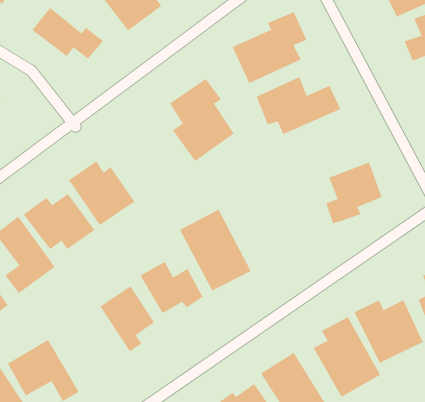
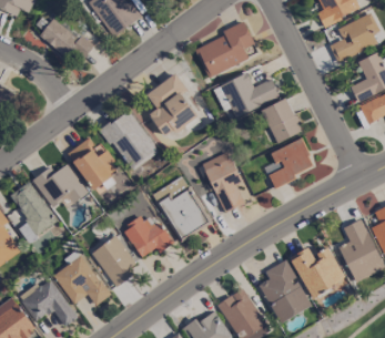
building: none -> [260,98,302,143]
building: none -> [101,110,158,171]
building: none -> [202,151,244,212]
building: none -> [52,255,110,305]

